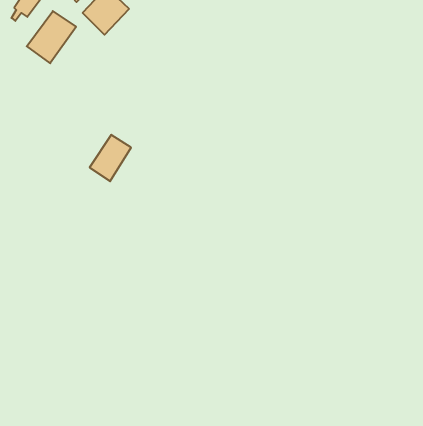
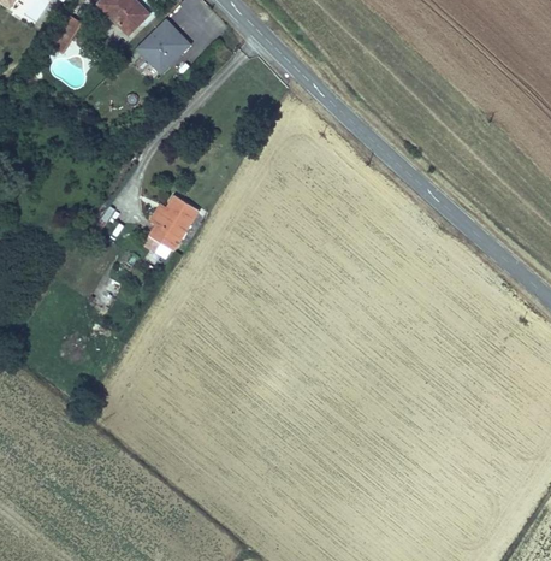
building: [27,11,76,63] -> none

